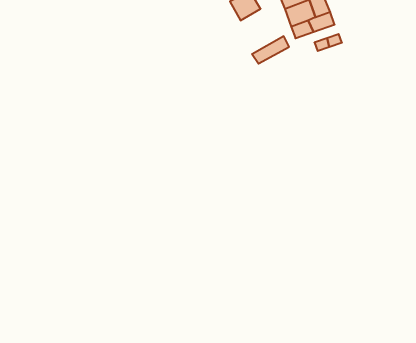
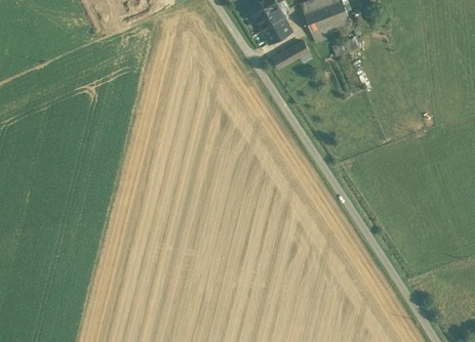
building: none -> [261,14,289,42]

